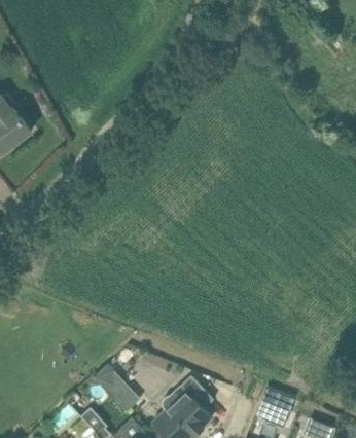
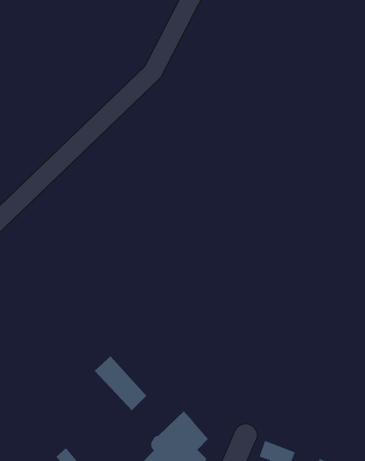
building: [94,364,140,412] -> [94,355,147,411]

